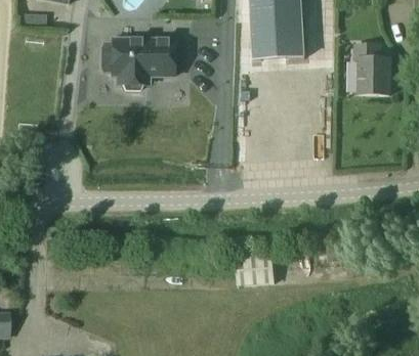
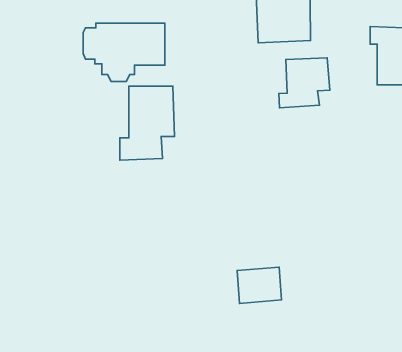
building: none -> [279,58,330,108]
building: none -> [120,86,174,160]

